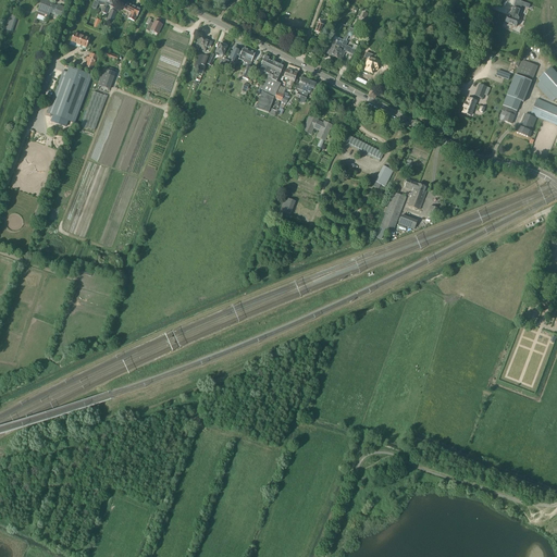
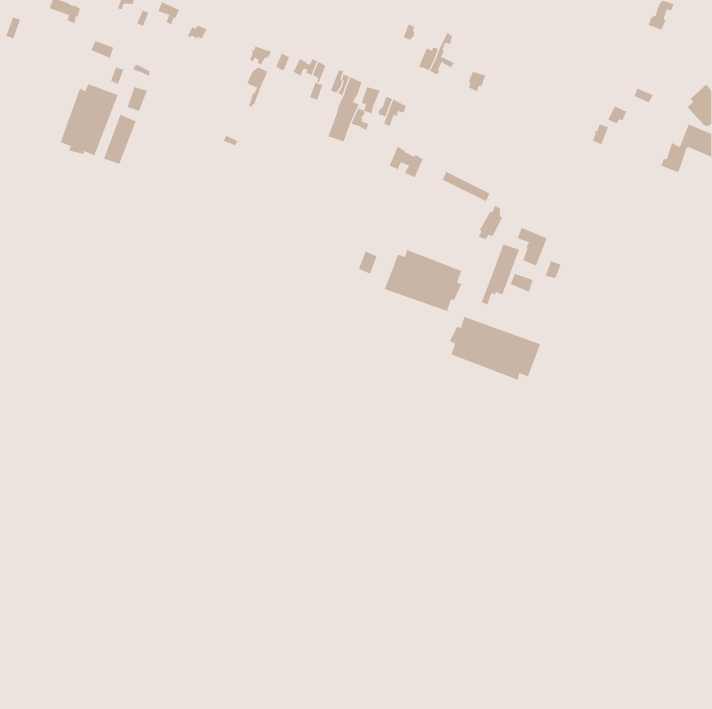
building: [502,59,537,122] -> none
building: none -> [384,249,462,312]
building: none -> [449,316,541,381]

